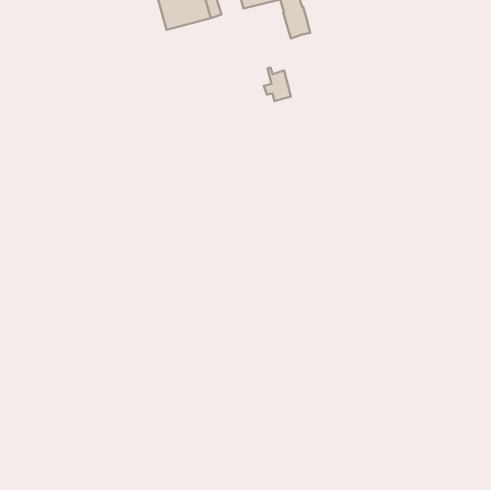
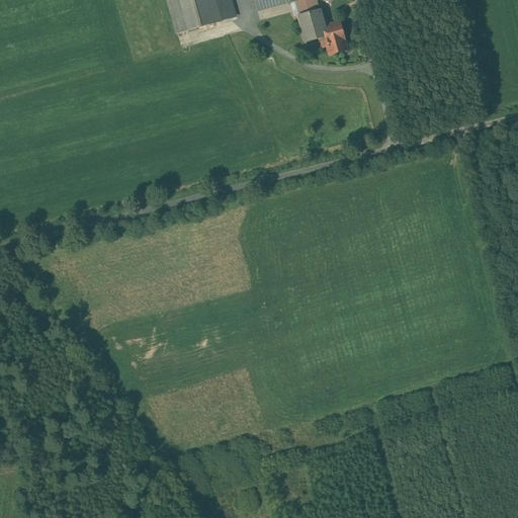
building: [264,68,291,101] -> [318,17,346,53]

